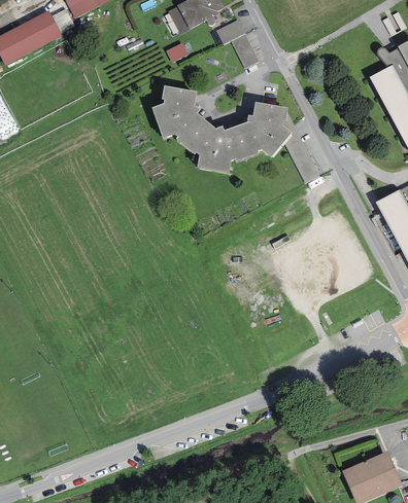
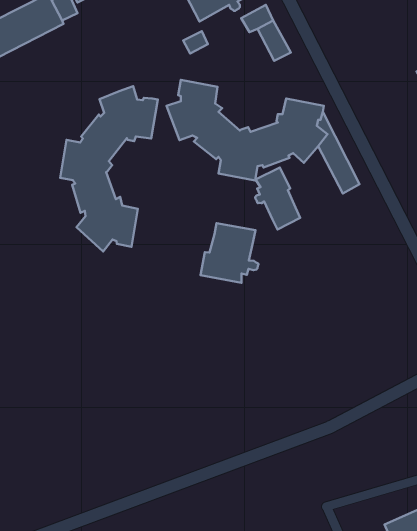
building: none -> [60,86,158,252]
building: none -> [255,168,300,229]
building: none -> [201,223,259,283]

